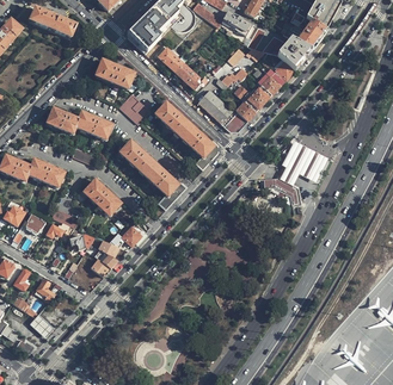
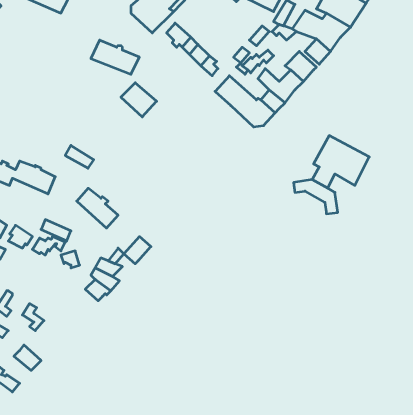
building: [155,103,219,168] -> none
building: [47,108,112,141] -> none
building: [123,144,186,207] -> none

